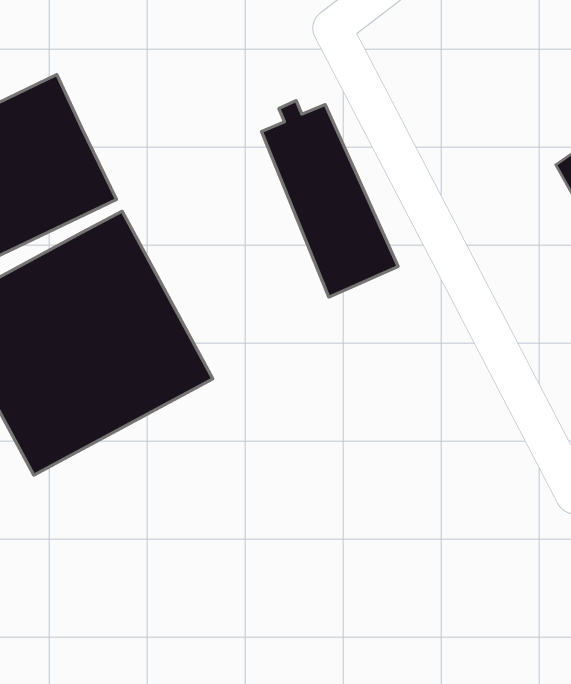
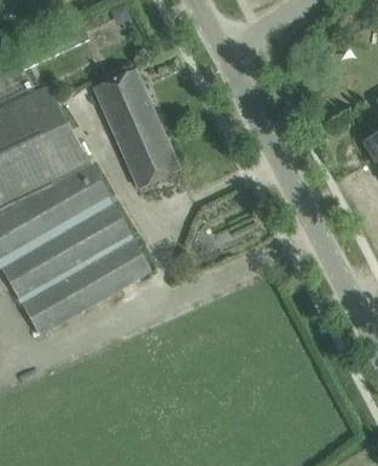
building: [262,101,398,297] -> [94,64,180,187]

